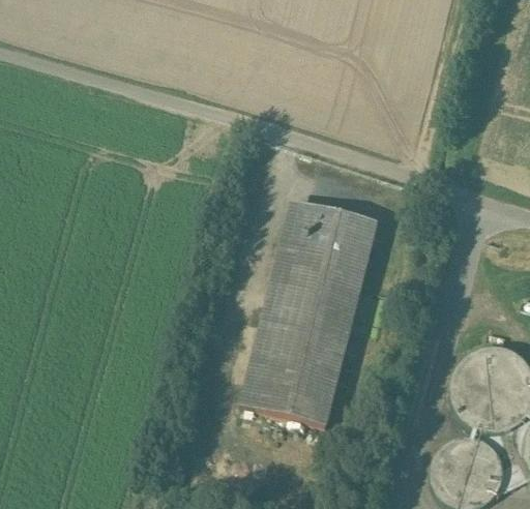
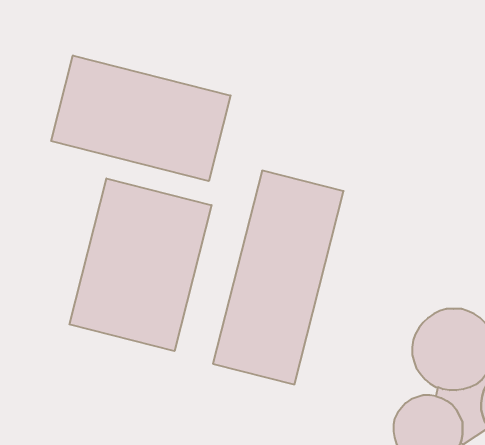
building: none -> [51,55,231,181]
building: none -> [69,178,212,351]

